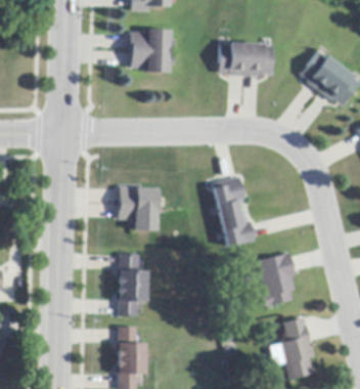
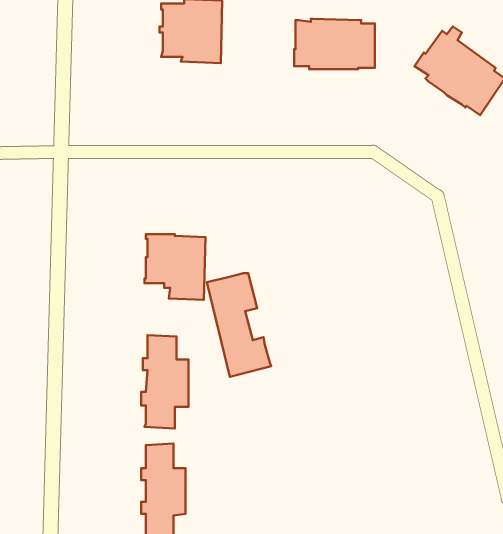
building: [213,177,256,247] -> [207,273,271,377]
building: [260,252,296,306] -> none
building: [281,317,315,381] -> none

